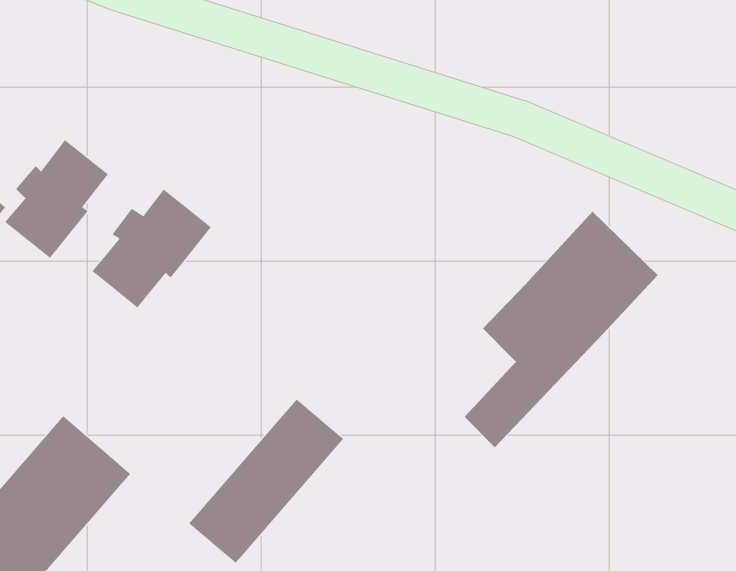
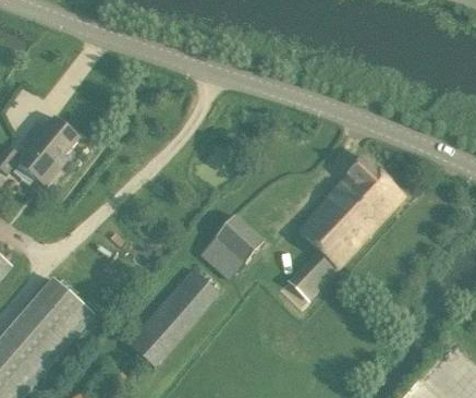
building: [91,189,212,308] -> none
building: none -> [200,215,263,278]

